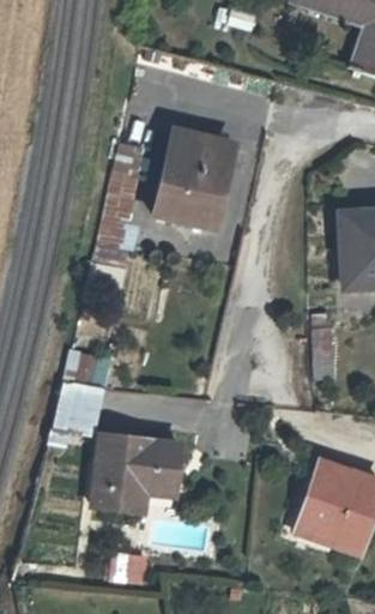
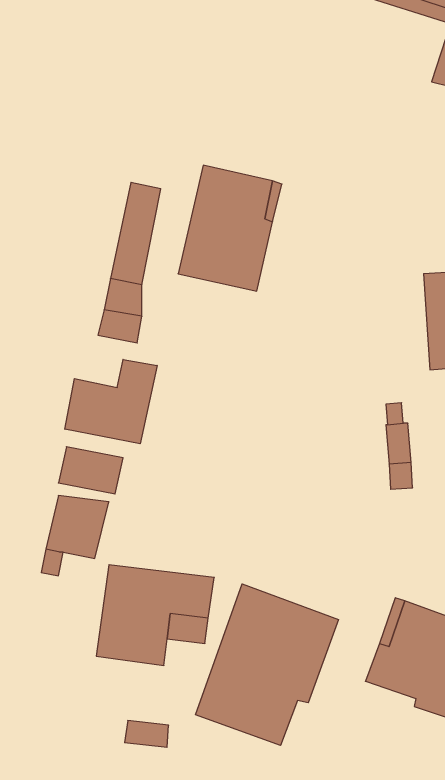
building: none -> [65,359,157,444]
building: none -> [195,584,338,745]

